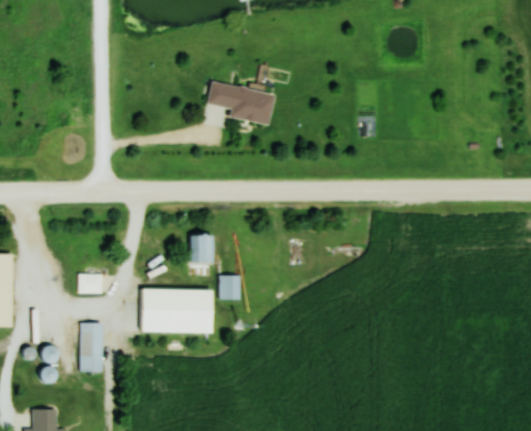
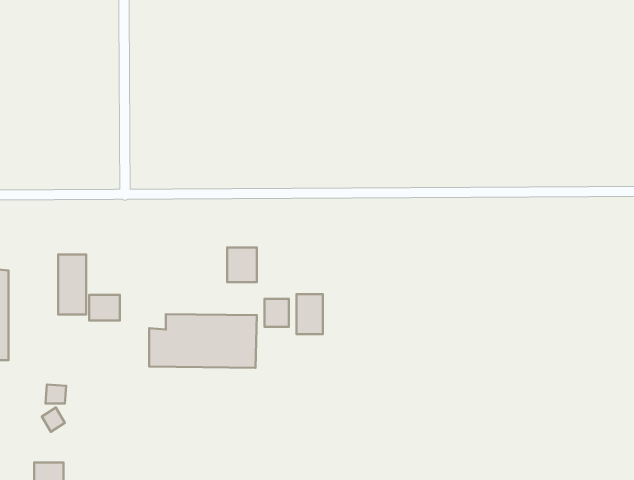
building: [207,81,276,124] -> none
building: none -> [296,294,323,334]
building: [80,322,103,371] -> [58,254,86,315]

